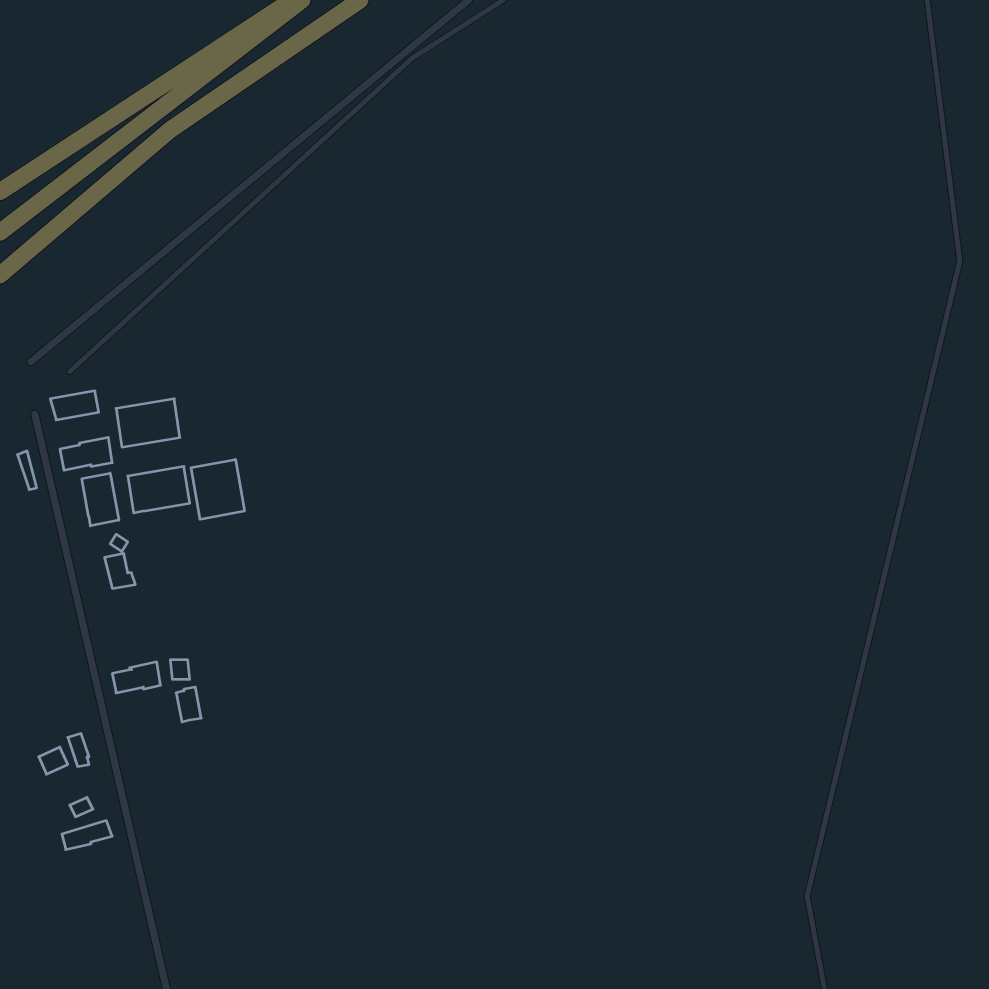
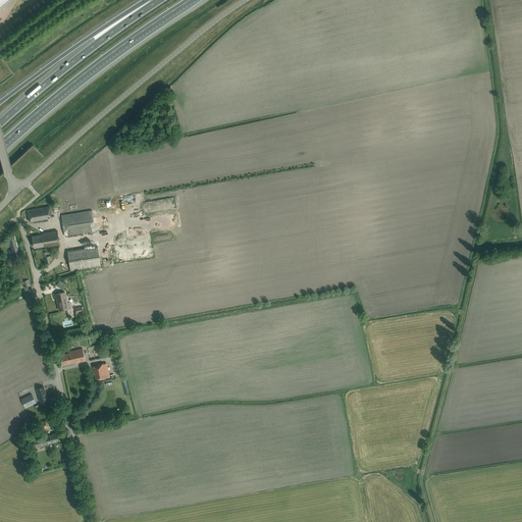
building: [191,459,244,519] -> none
building: [82,473,119,526] -> none

